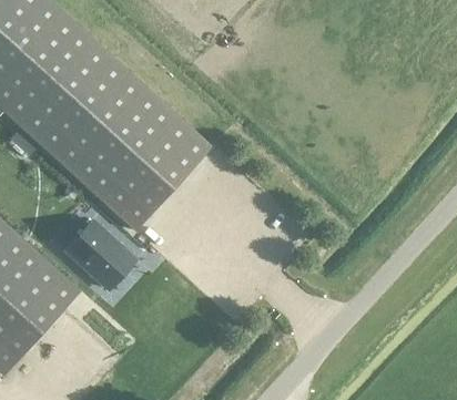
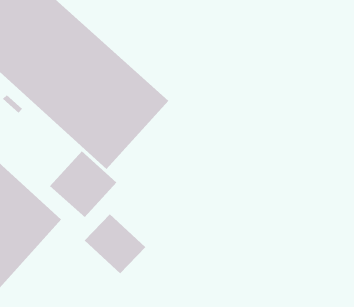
building: none -> [84,213,146,274]

